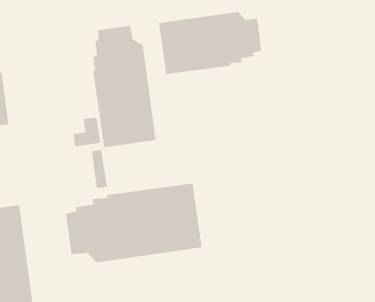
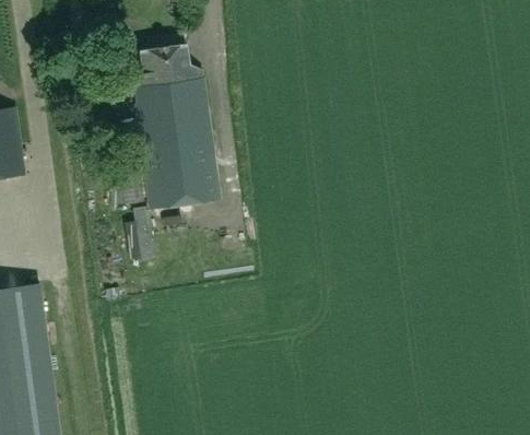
building: [158,11,262,75] -> none
building: [65,183,202,263] -> none

